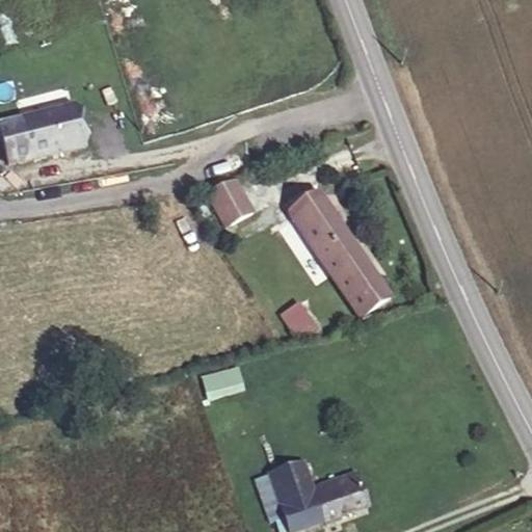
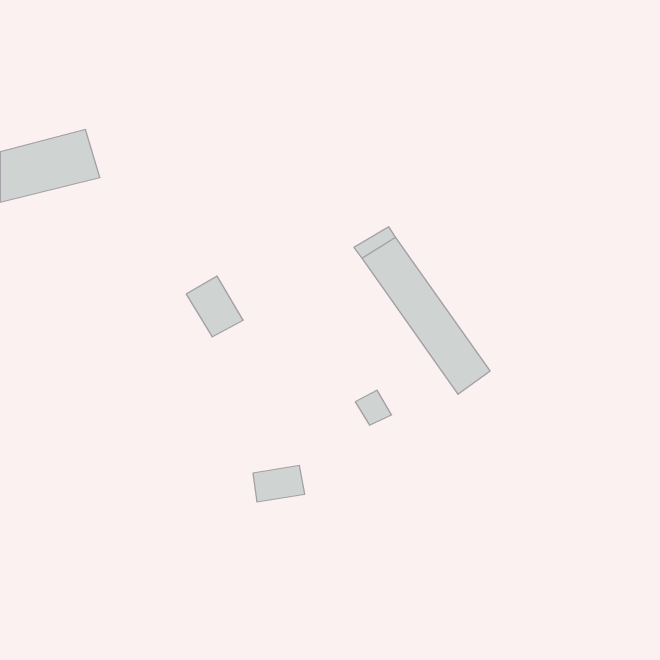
building: [209,184,255,233] -> [186,276,243,337]
building: [265,451,360,521] -> none

